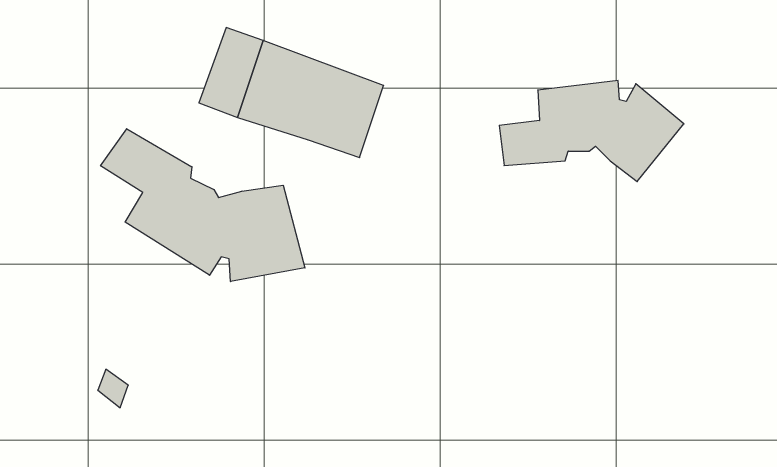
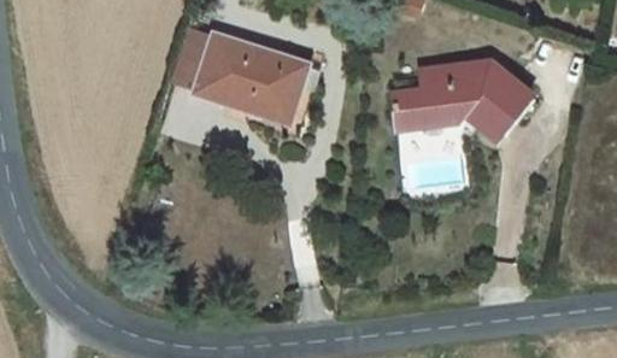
building: [101,129,305,282] -> none

